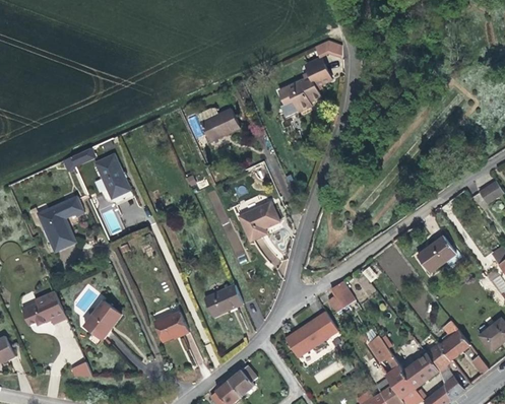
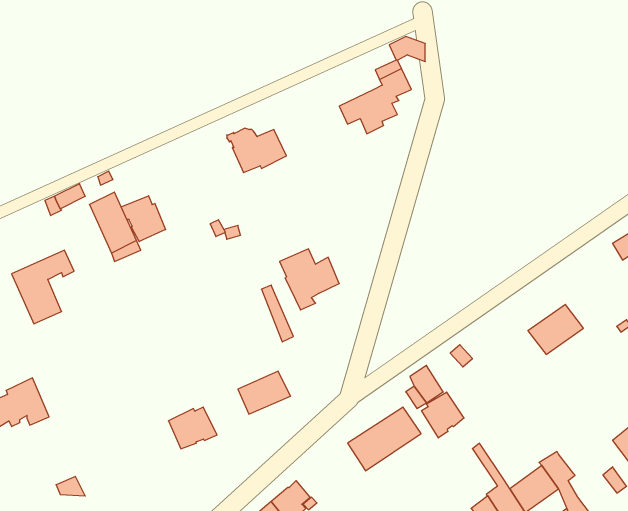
building: none -> [121,196,166,242]
building: [83,300,121,340] -> none
building: none -> [422,392,464,438]
building: [439,321,470,360] -> none

